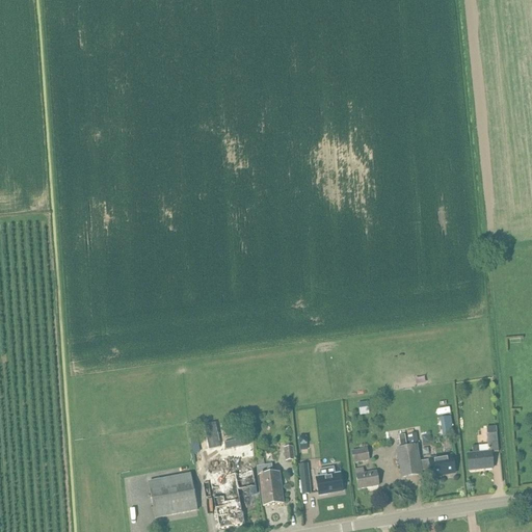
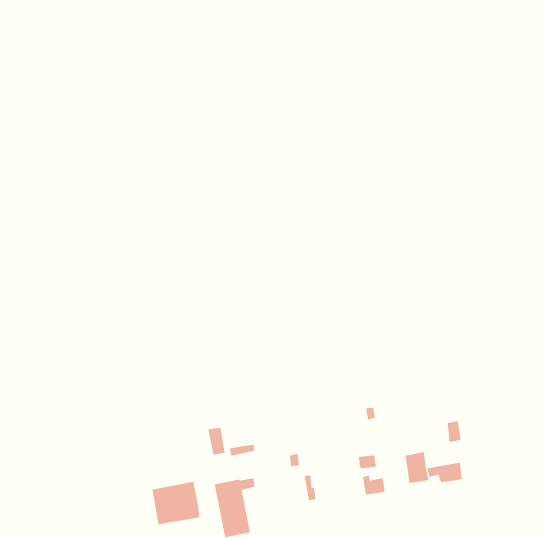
building: [468,430,498,468] -> none
building: [256,461,284,504] -> none
building: [316,471,342,494] -> none

